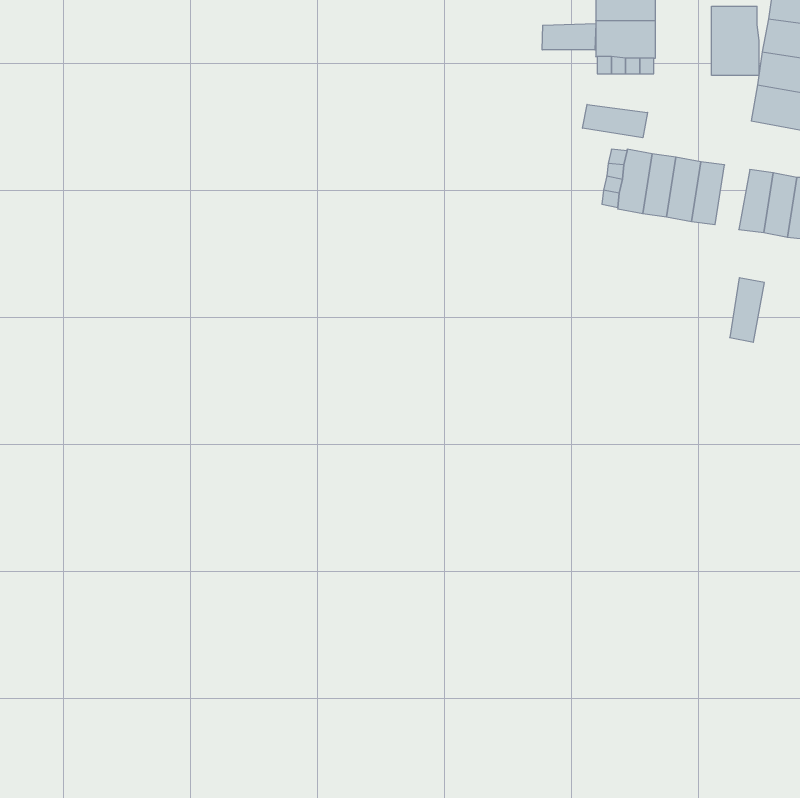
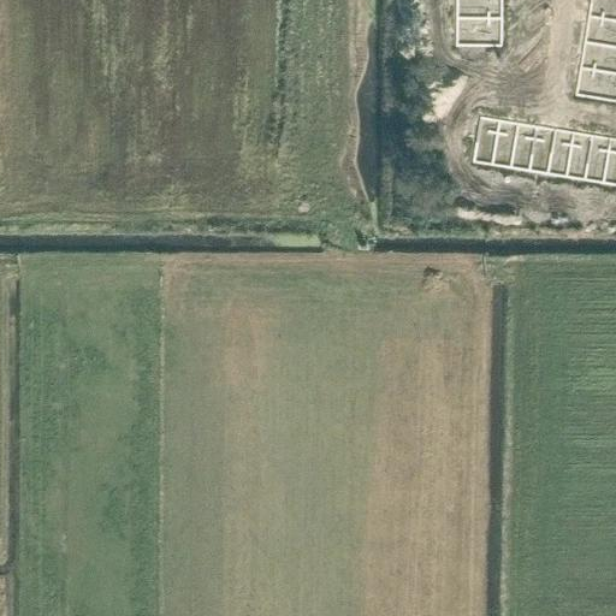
building: [712,6,759,75] -> none
building: [542,24,596,50] -> none
building: [583,104,648,138] -> none
building: [730,278,764,342] -> [550,126,576,176]

